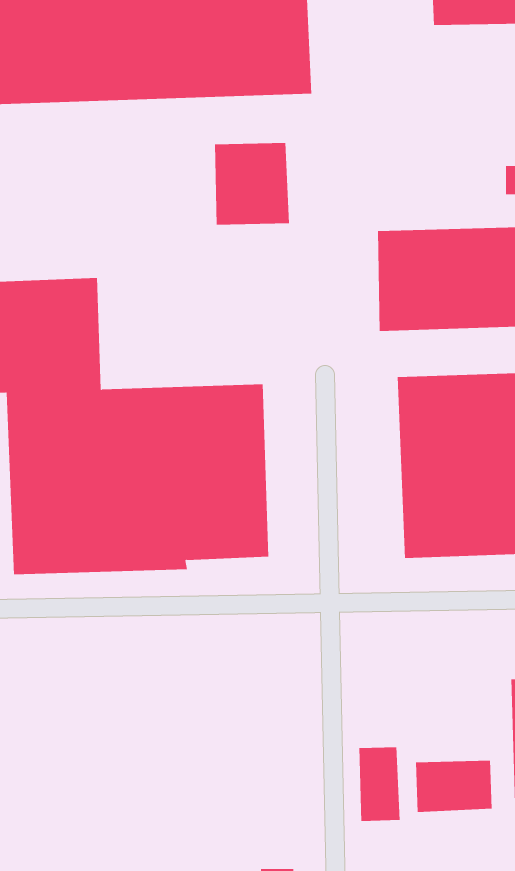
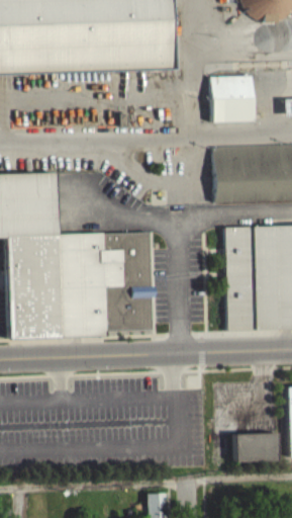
building: [214,142,290,225] -> [211,83,254,130]
building: [359,746,400,822] -> none

